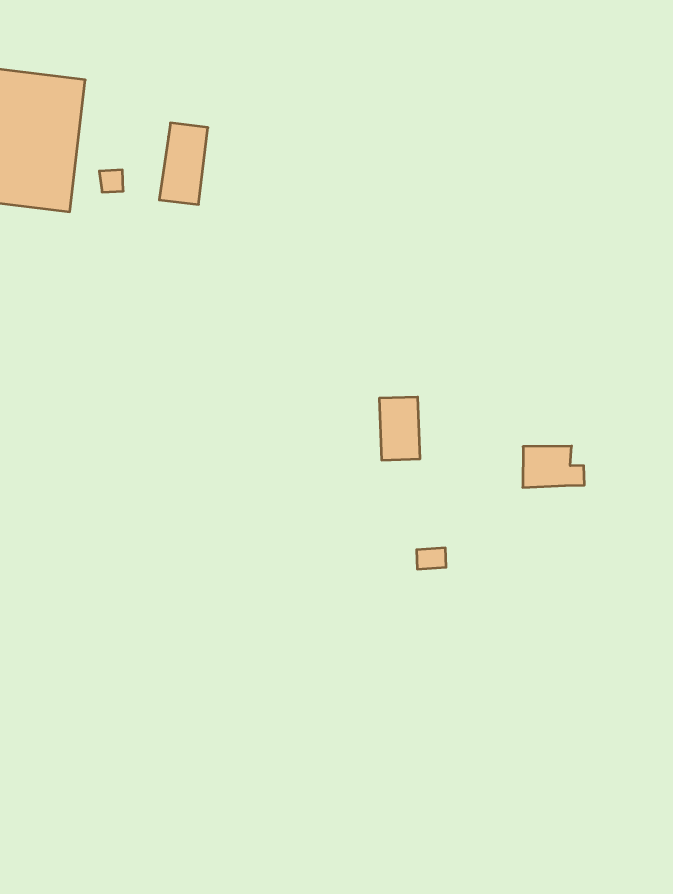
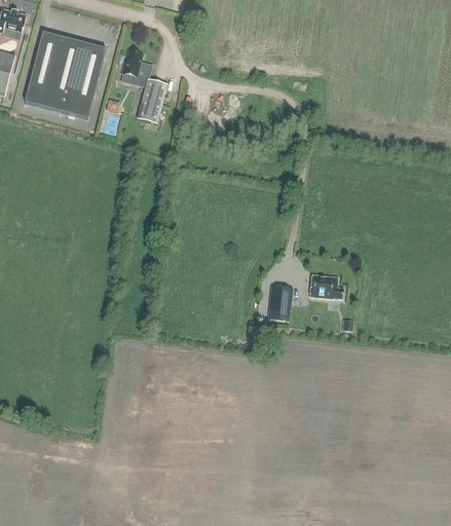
building: none -> [120,49,151,84]
building: [379,397,420,460] -> [267,285,291,320]

